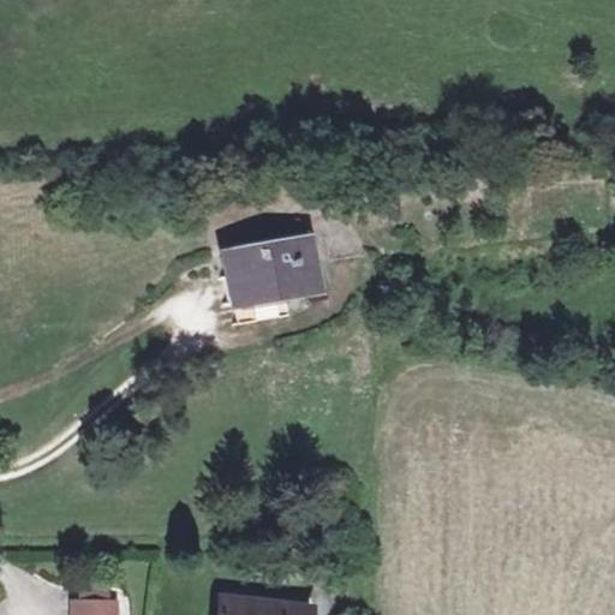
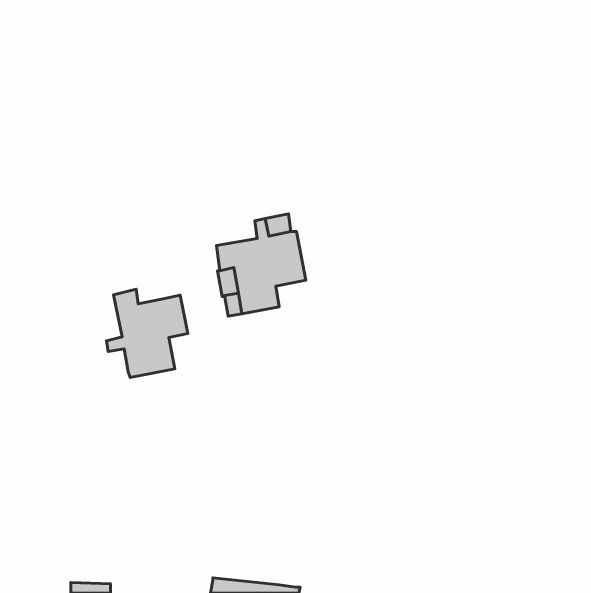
building: none -> [107,289,188,377]

